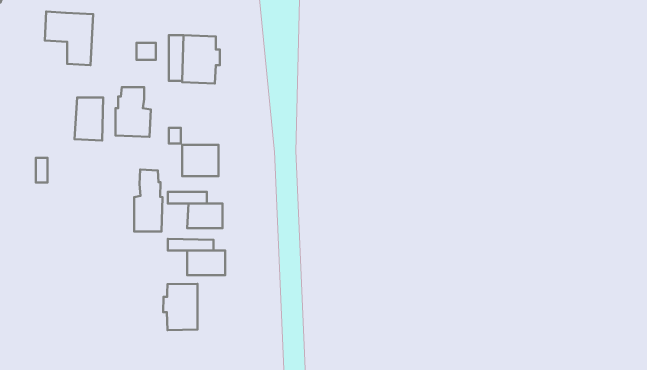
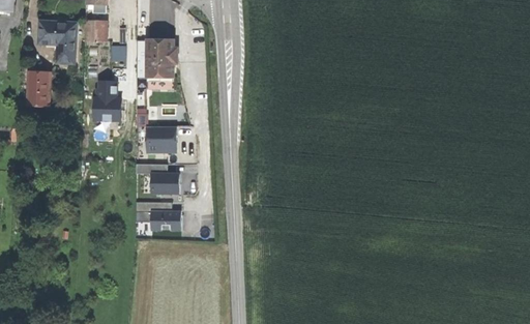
building: none -> [85,20,106,41]
building: [75,97,103,141] -> [27,71,50,106]
building: [134,169,162,232] -> none
building: [163,284,198,330] -> none

